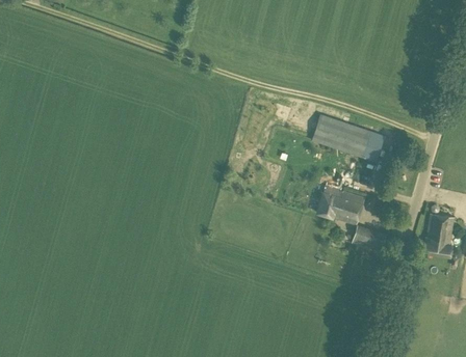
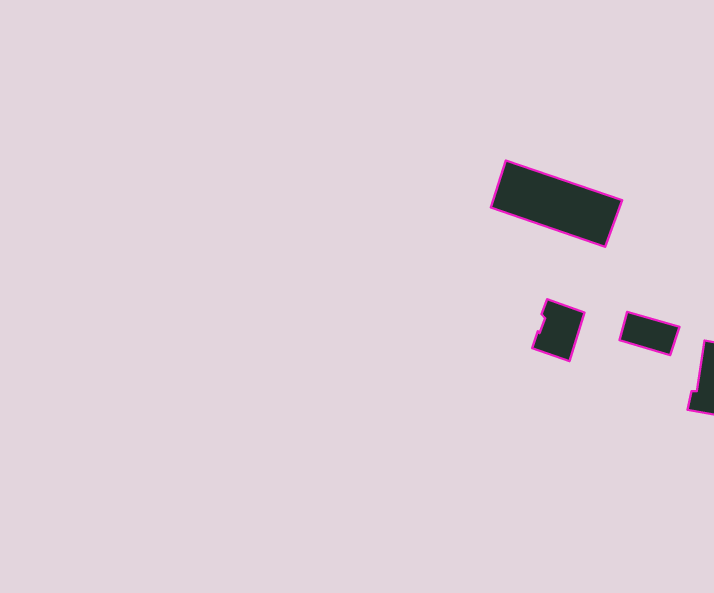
building: [317,186,343,218] -> none
building: [352,227,385,251] -> [620,312,679,355]

